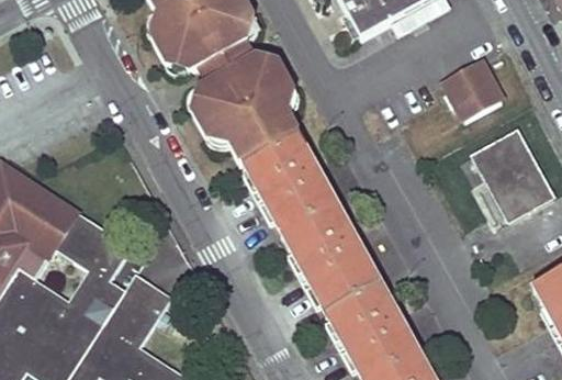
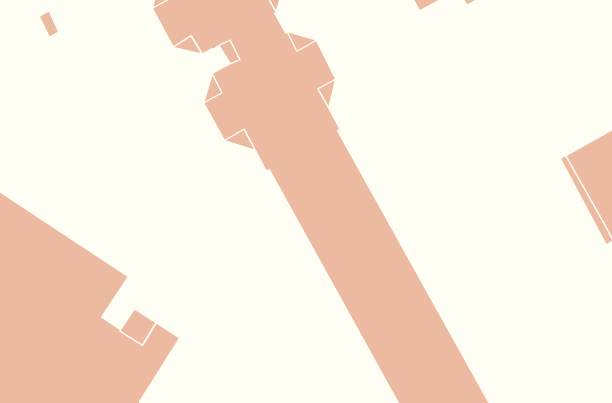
building: [442,57,501,118] -> none

